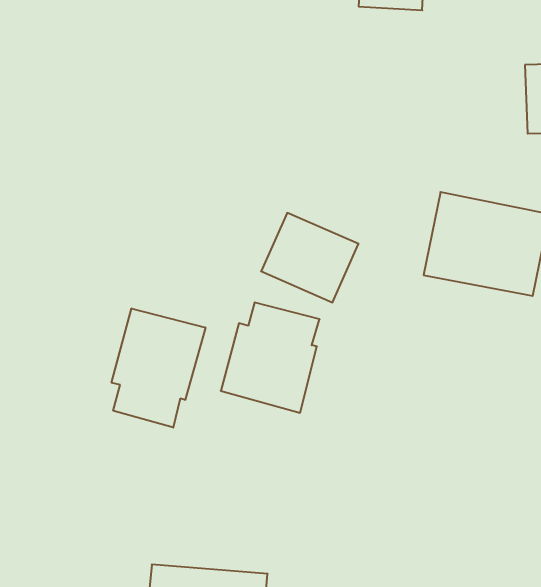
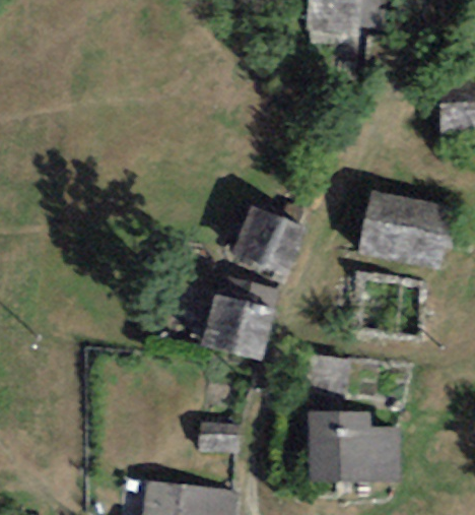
building: [112,308,205,428] -> none
building: none -> [308,412,401,481]

